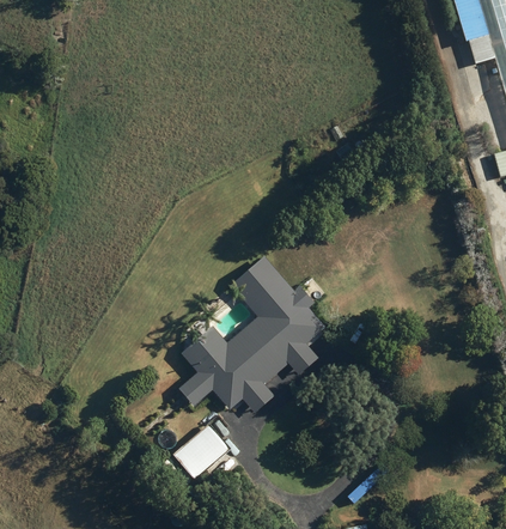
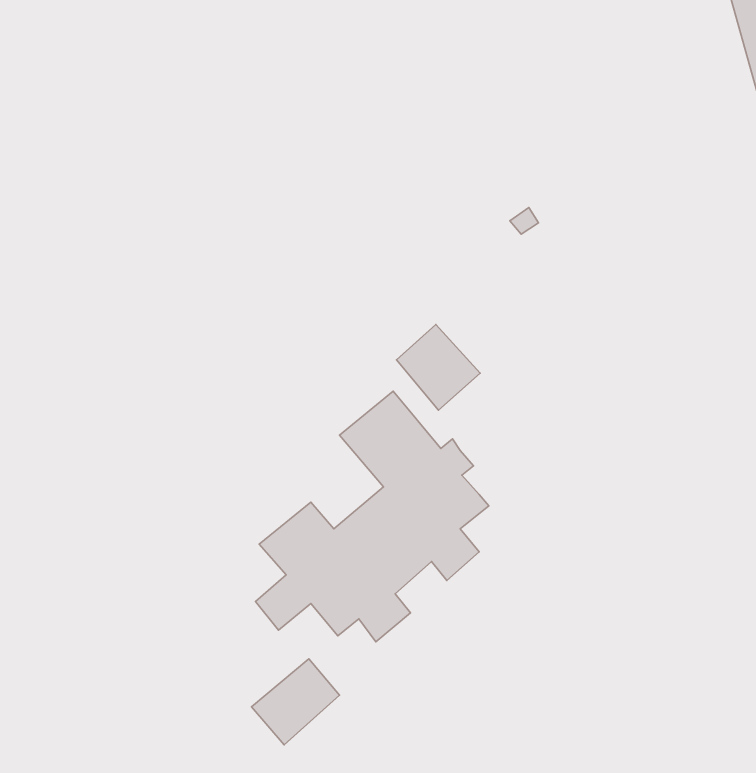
building: none -> [397,325,480,410]

